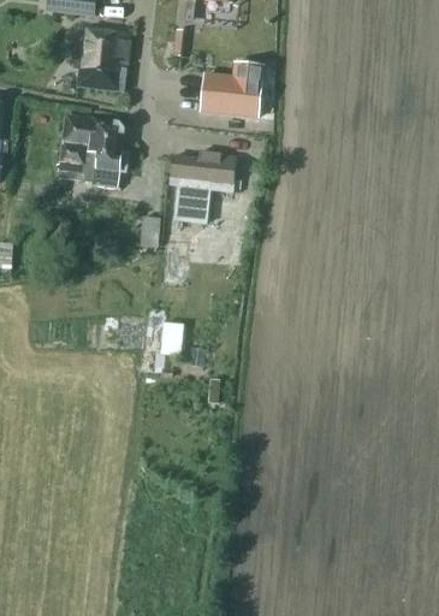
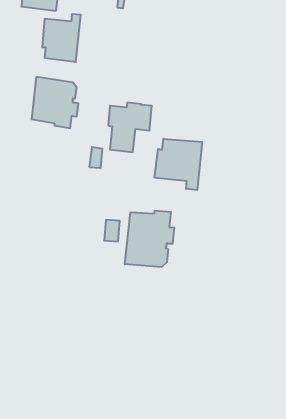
building: [201,63,265,117] -> none
building: none -> [155,139,202,190]
building: none -> [125,211,174,267]

